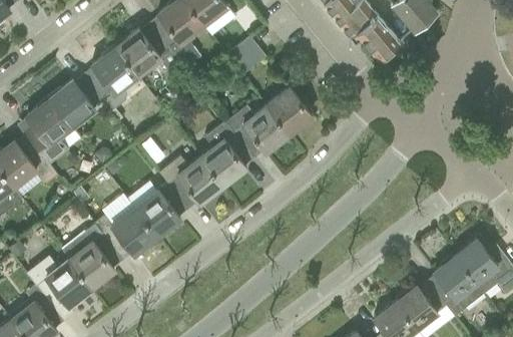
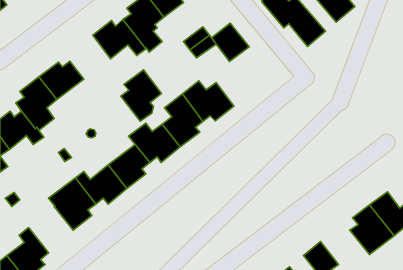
building: [87,47,137,110] -> [121,70,162,121]
building: [267,87,313,134] -> [211,23,249,61]
building: [27,256,91,306] -> none
building: [395,285,446,329] -> none

